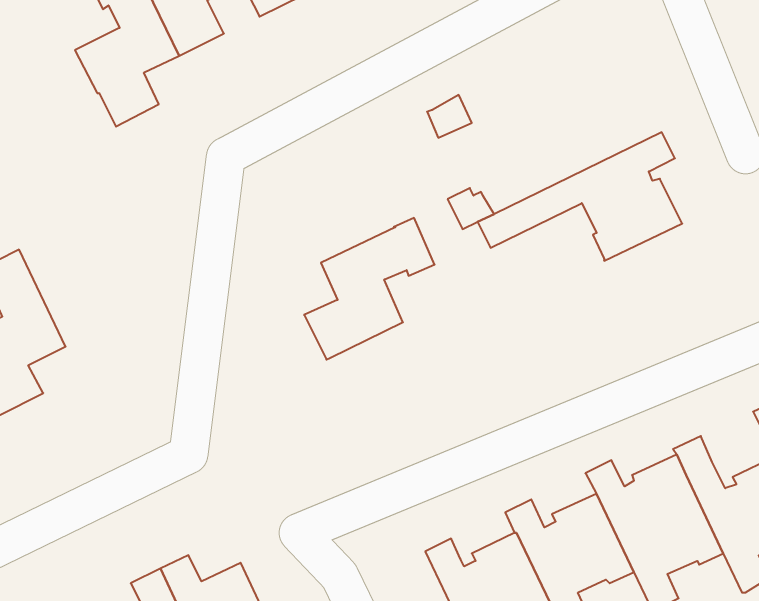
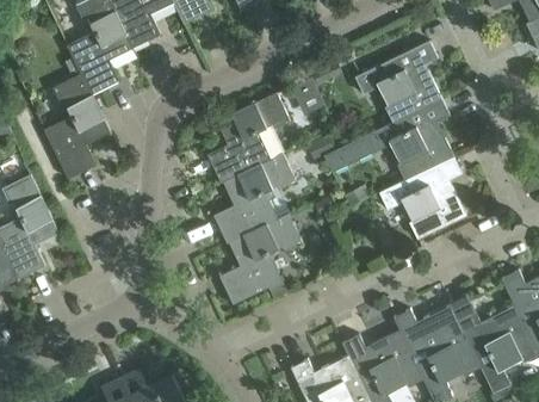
building: none -> [354,39,441,122]
building: none -> [43,73,110,179]
building: none -> [207,92,291,183]
building: none -> [379,156,466,239]
building: none -> [218,214,302,304]

